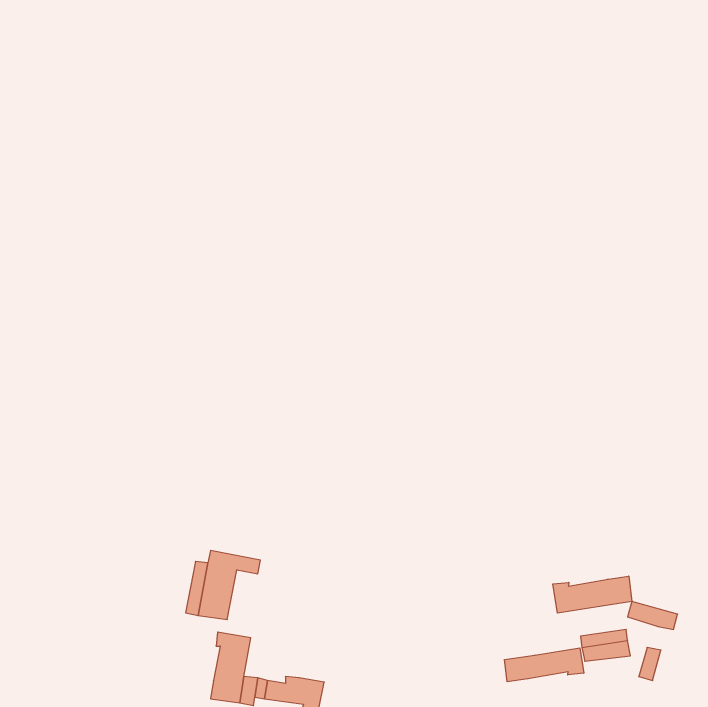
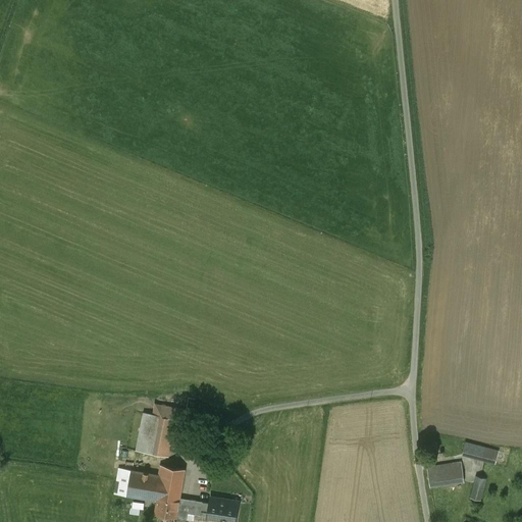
building: [553,576,632,613] -> none
building: none -> [114,469,162,502]
building: [505,648,584,682] -> none

